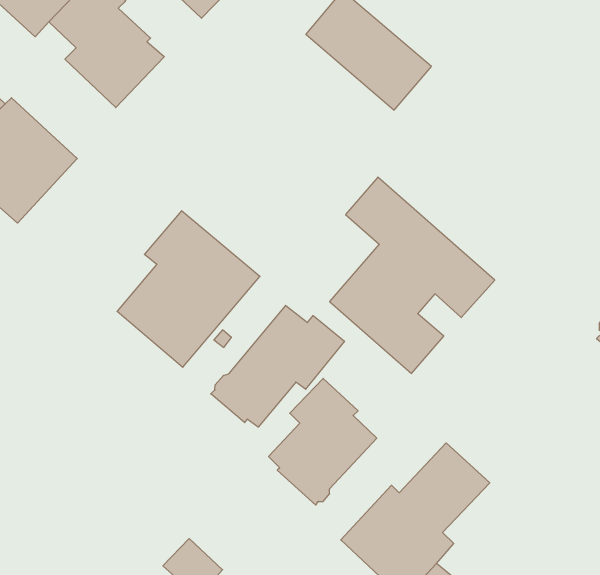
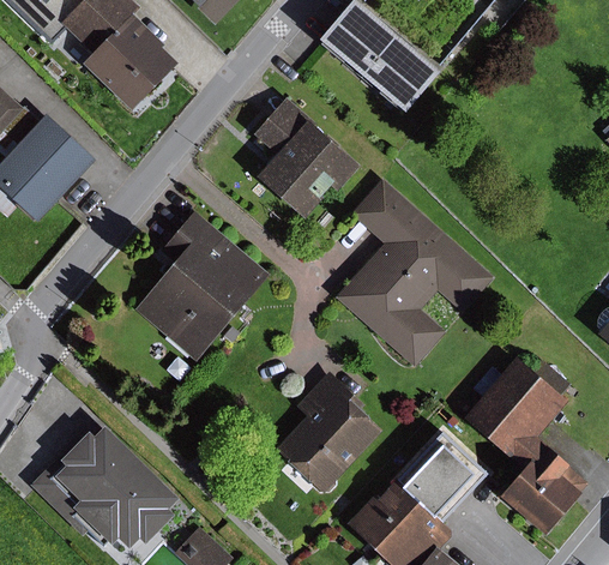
building: none -> [254,97,357,217]
building: [211,305,344,427] -> none
building: none -> [463,356,589,535]
building: none -> [31,425,177,548]

